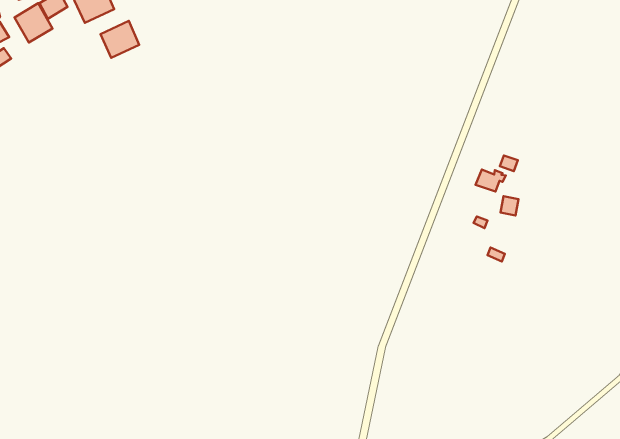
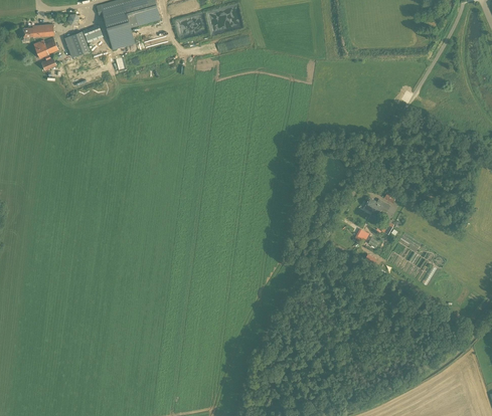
building: [101,21,139,58] -> none

